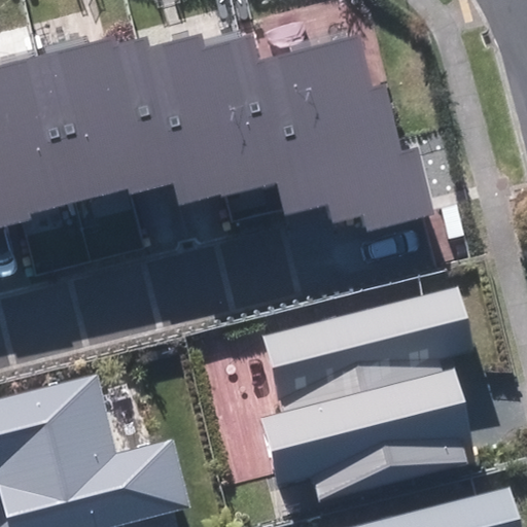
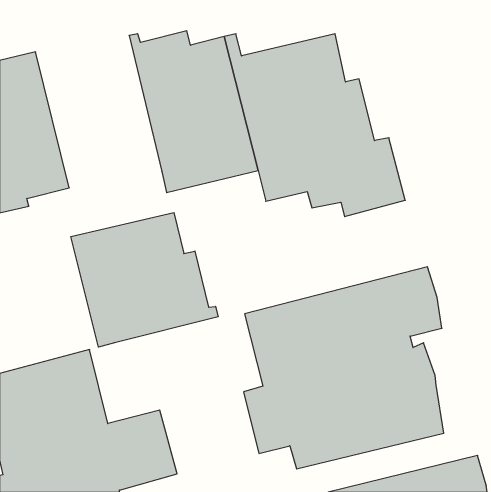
building: [38,36,173,201] -> none
building: none -> [71,213,218,347]

